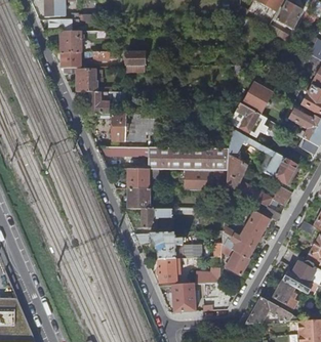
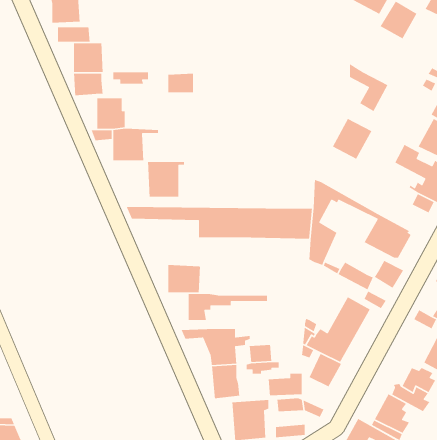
building: [232,98,259,133] -> [349,63,388,112]
building: [126,168,149,188] -> none
building: [185,169,227,189] -> none

